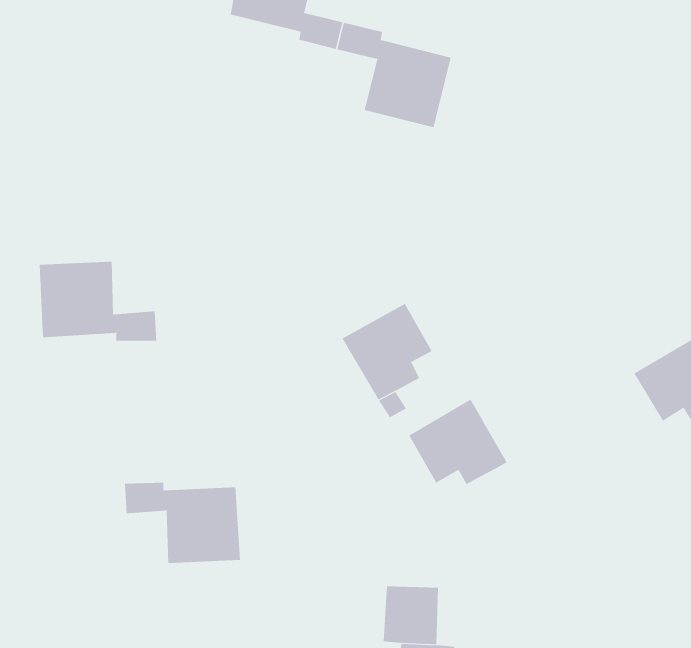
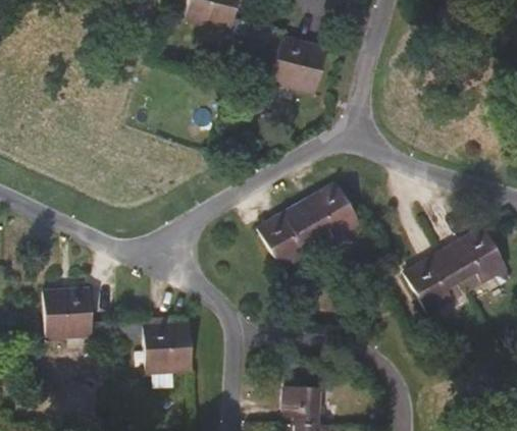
building: [39,261,157,341] -> [44,288,119,339]
building: none -> [404,250,462,313]
building: [409,399,508,485] -> [298,181,361,236]

